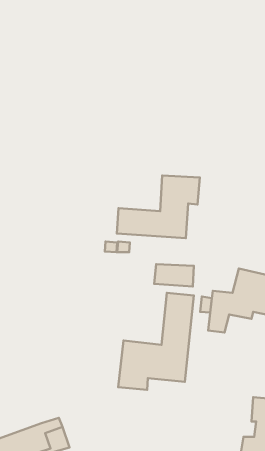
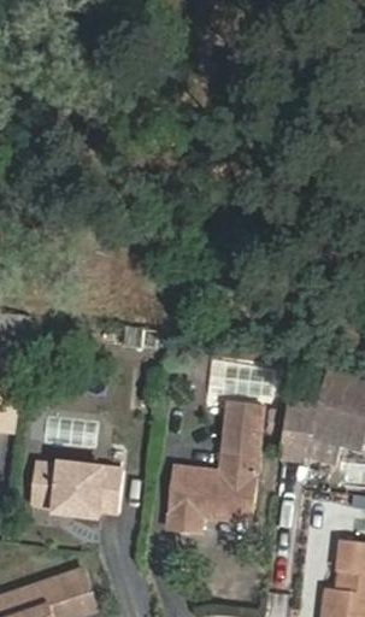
building: [117,175,200,238] -> none
building: none -> [29,460,119,512]

